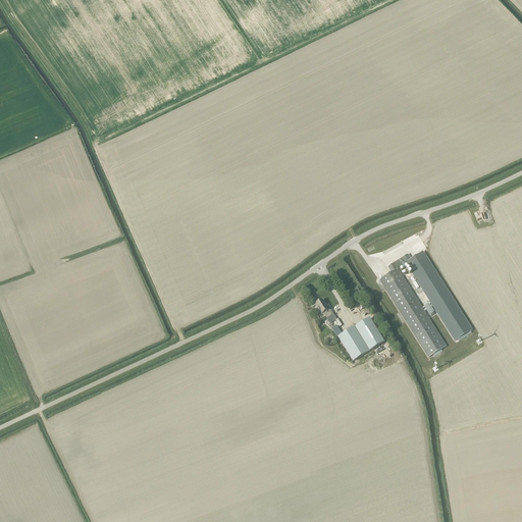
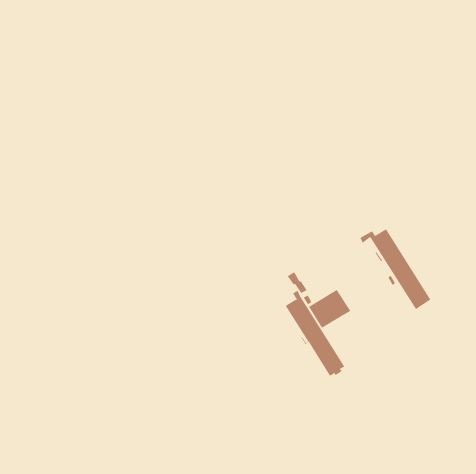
building: [379,260,446,355] -> [285,290,345,377]

